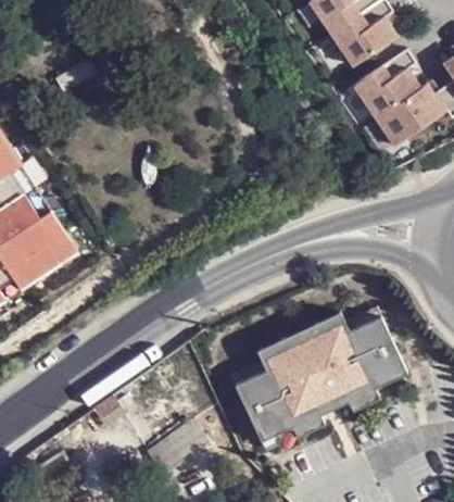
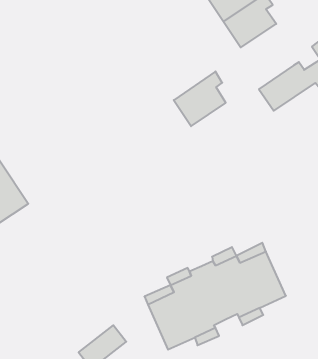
building: [351,49,416,117] -> [174,71,226,126]

